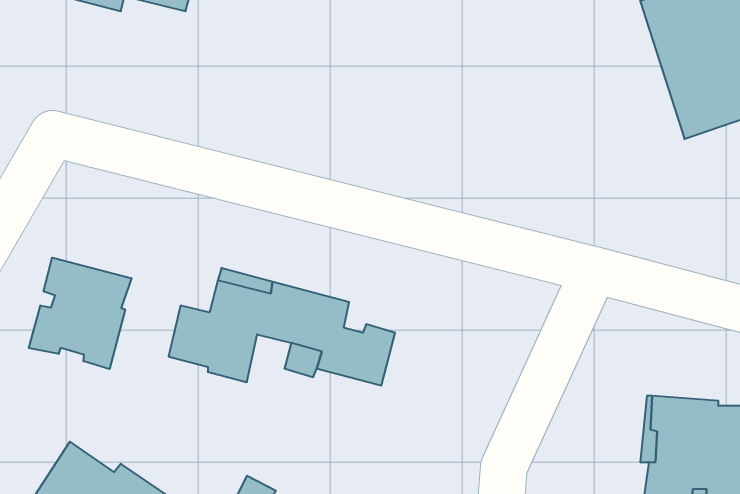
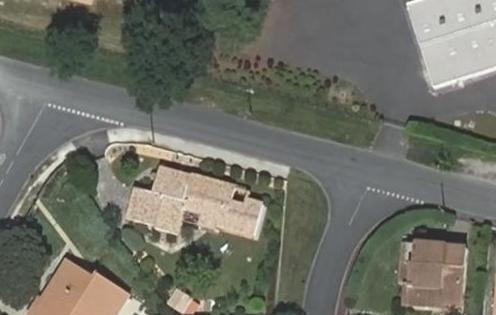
building: [29,258,131,369] -> none

